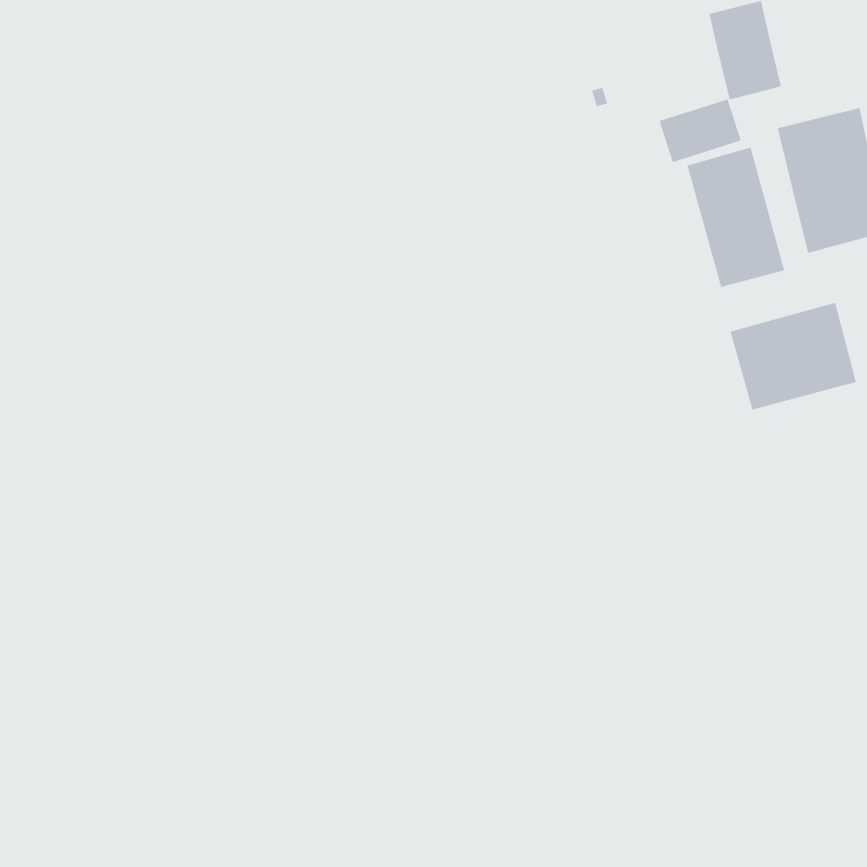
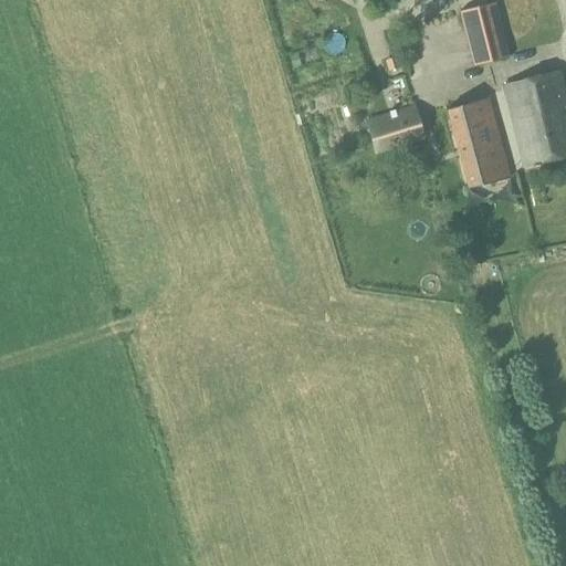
building: [658,98,742,163] -> [369,107,423,149]
building: [729,302,857,411] -> none

